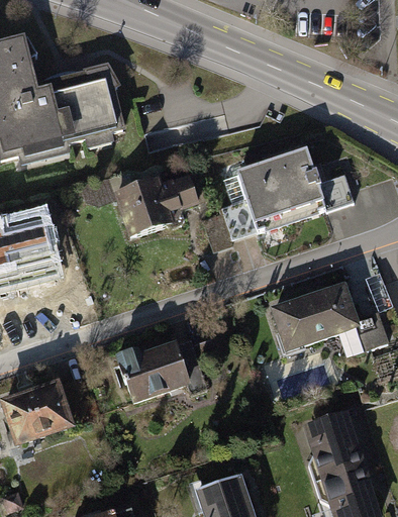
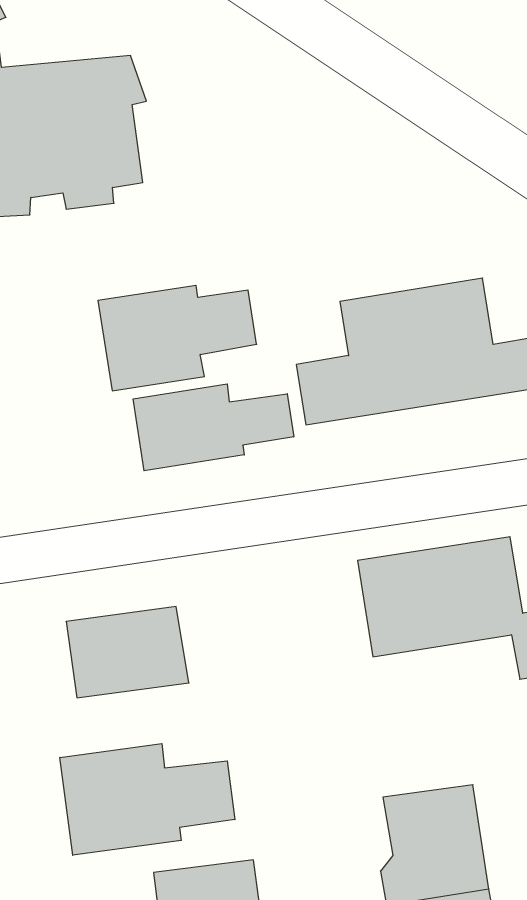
building: none -> [133,384,294,471]
building: none -> [60,744,235,855]

